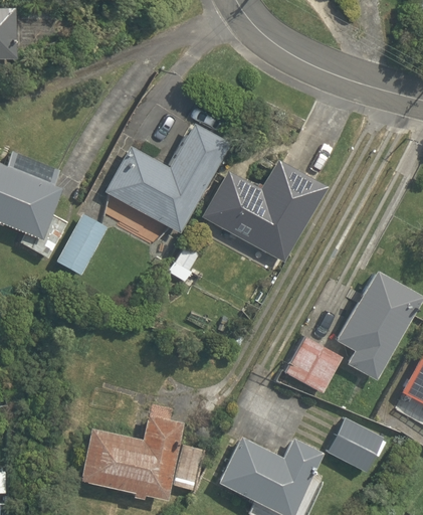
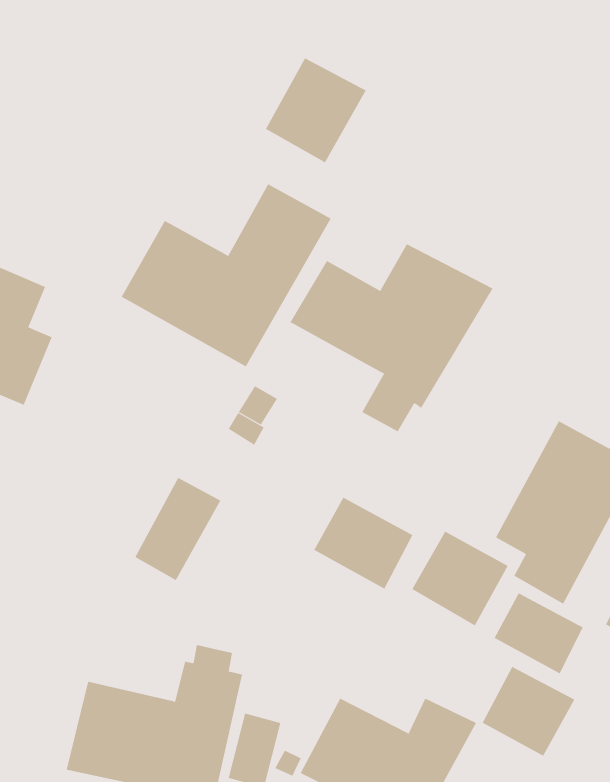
building: none -> [265,57,367,163]
building: [58,215,111,278] -> [134,477,221,581]
building: none -> [313,497,413,590]
building: none -> [494,593,584,674]

